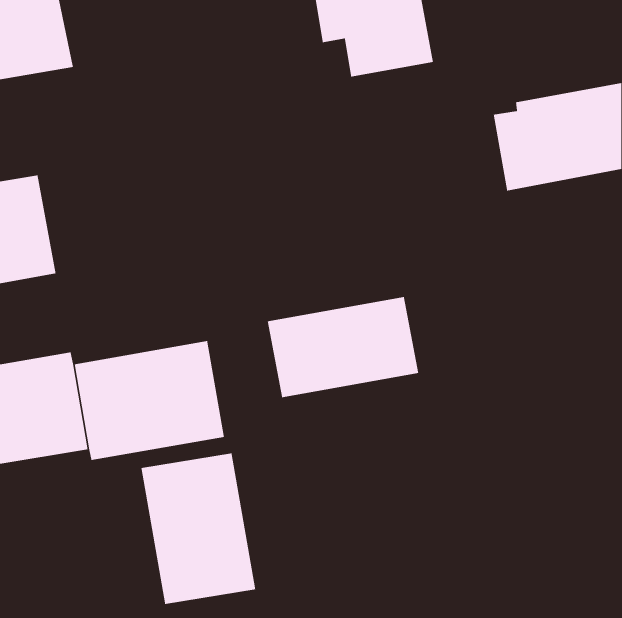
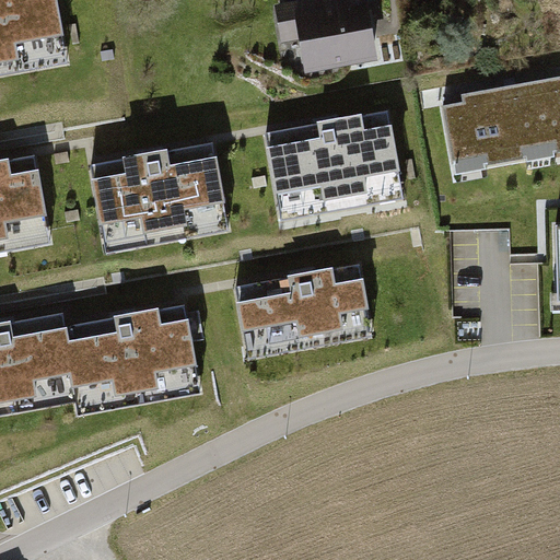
building: none -> [260,108,400,222]
building: none -> [91,140,229,252]
building: [141,452,256,605] -> none

